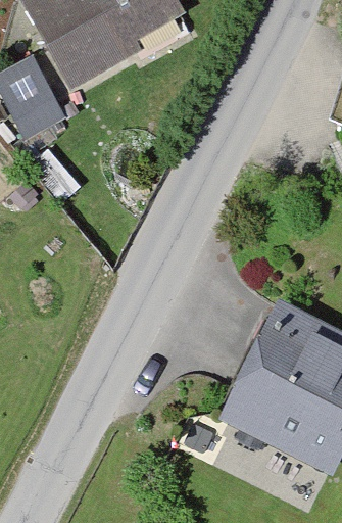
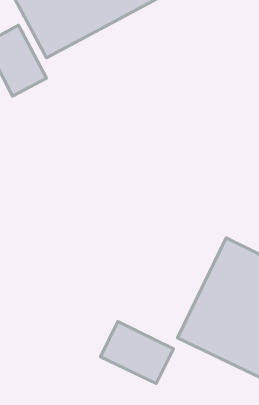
building: none -> [101,322,173,383]

